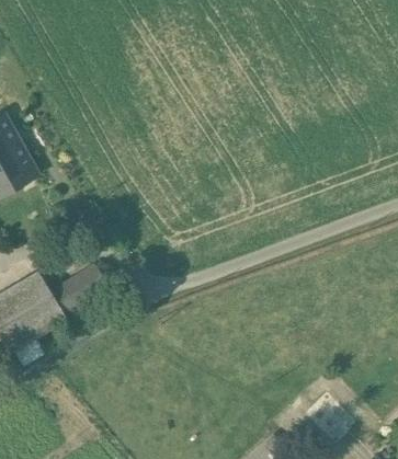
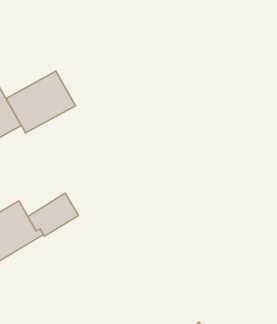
building: none -> [6,71,76,133]

